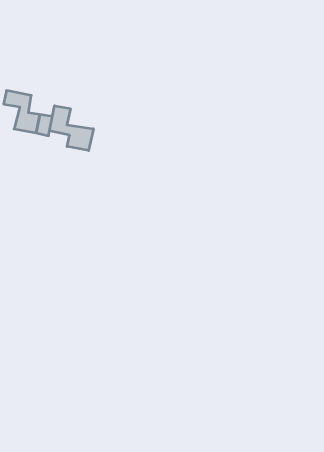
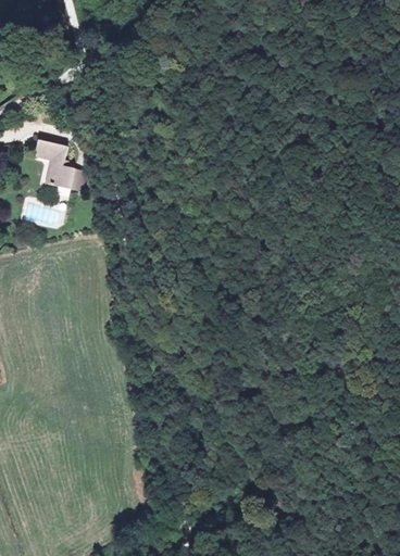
building: [50,106,93,151] -> none

